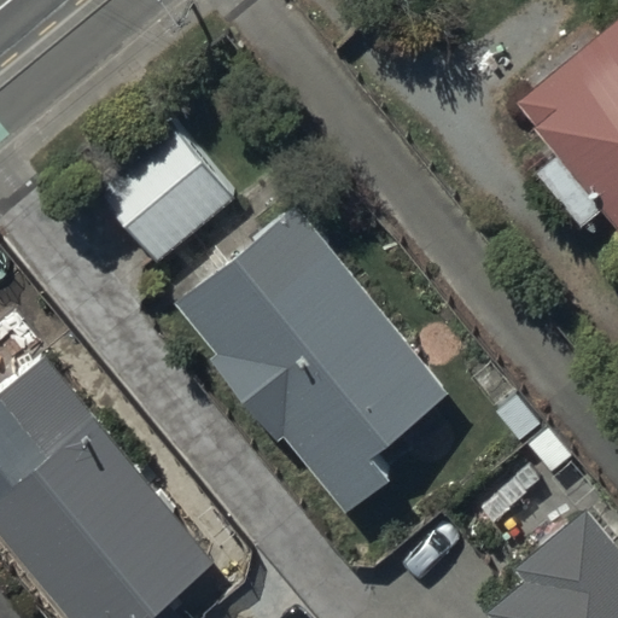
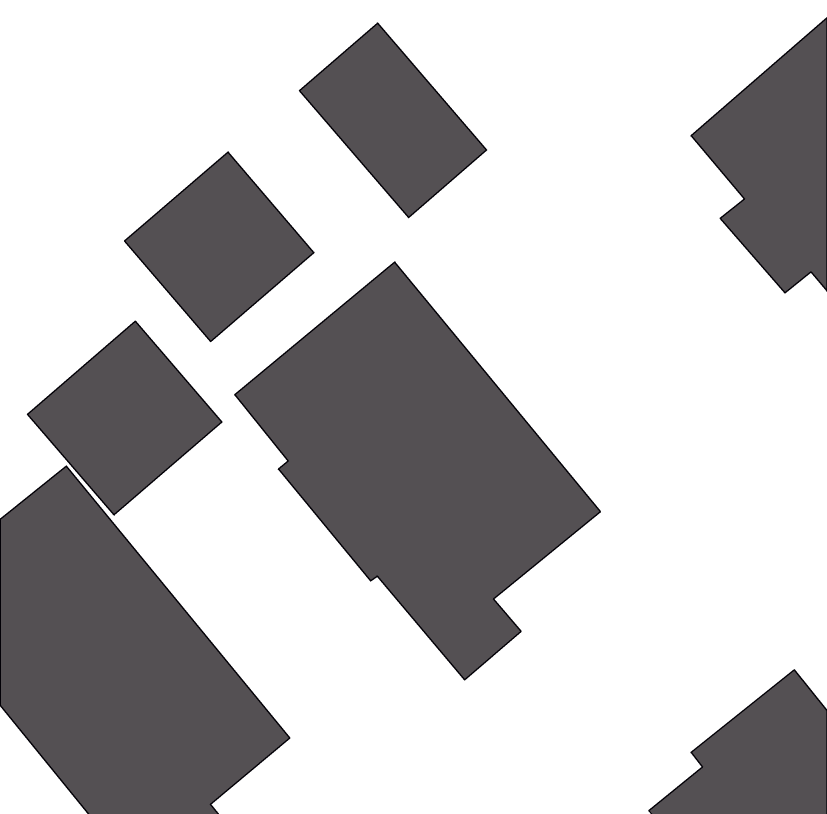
building: none -> [300,23,487,218]
building: none -> [28,321,222,515]

